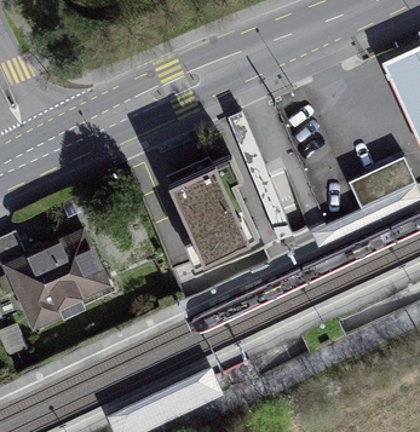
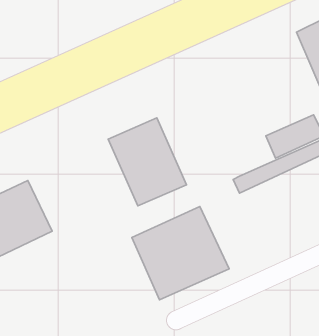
building: none -> [132,207,229,300]

